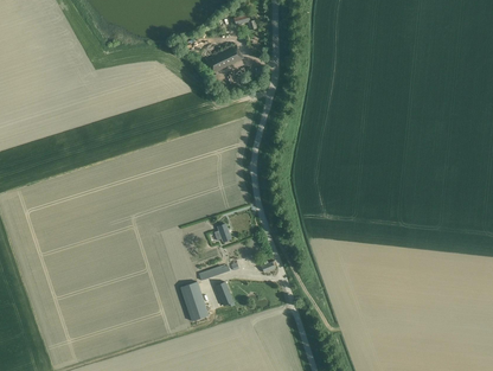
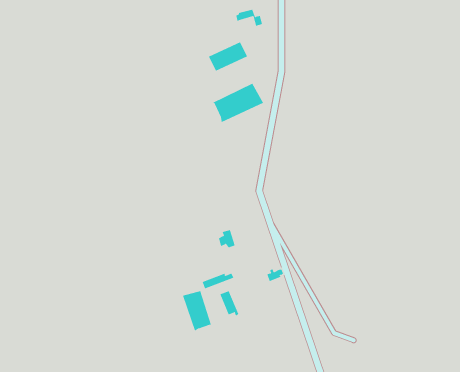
building: none -> [212,83,264,123]

